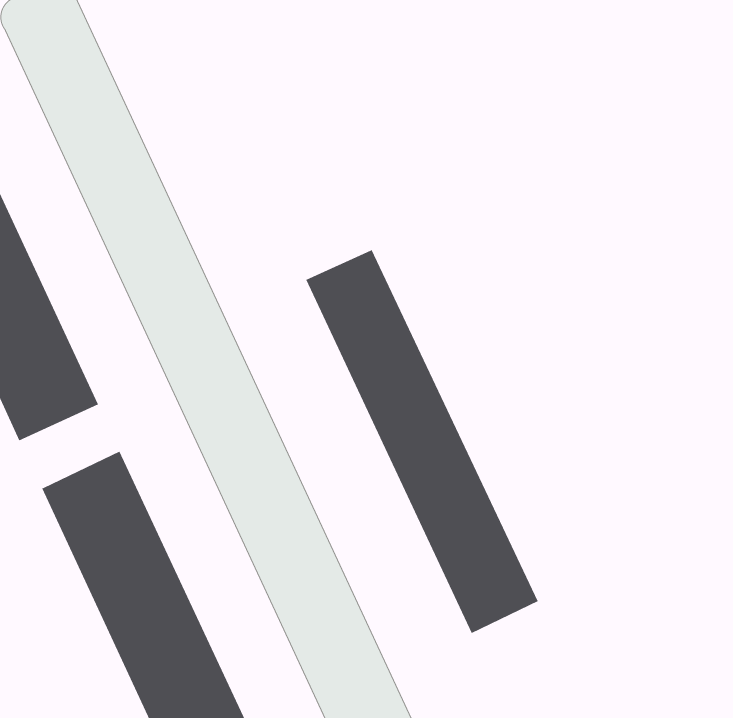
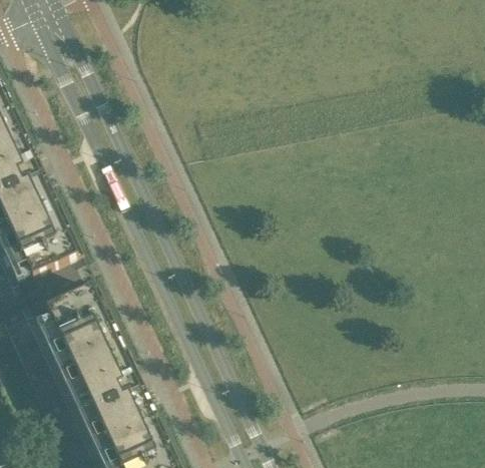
building: [305,249,538,634] -> none

